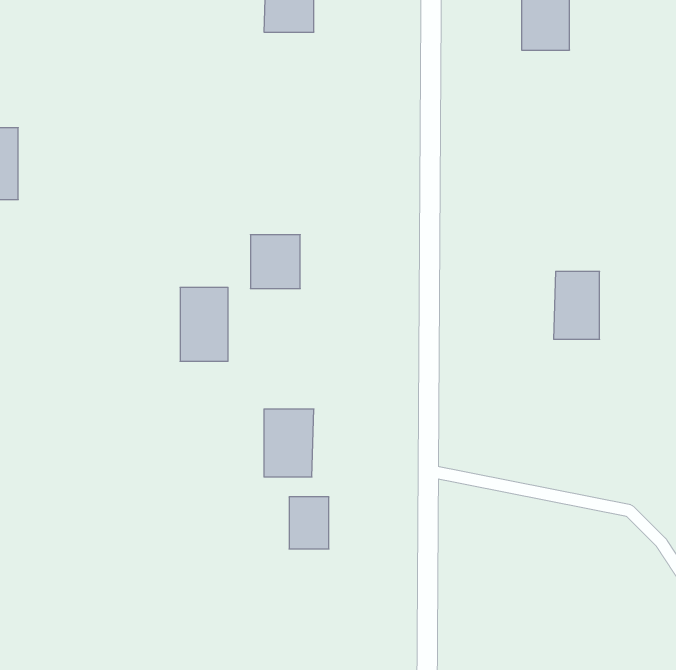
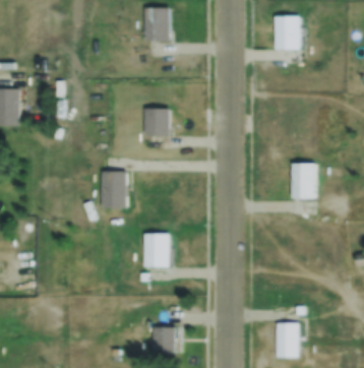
building: [250,235,300,289] -> [144,108,170,135]
building: [289,497,329,549] -> [155,327,175,354]
building: none -> [277,323,299,358]

